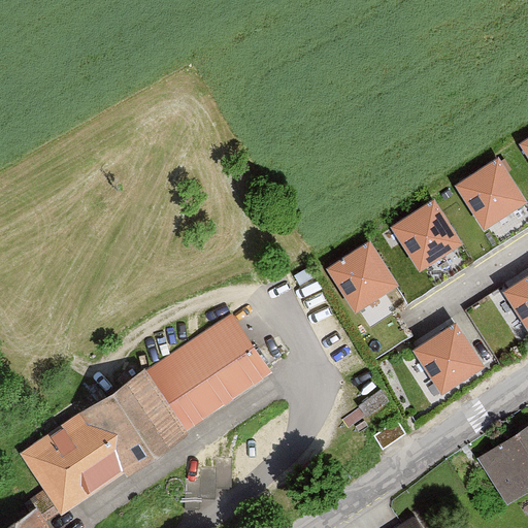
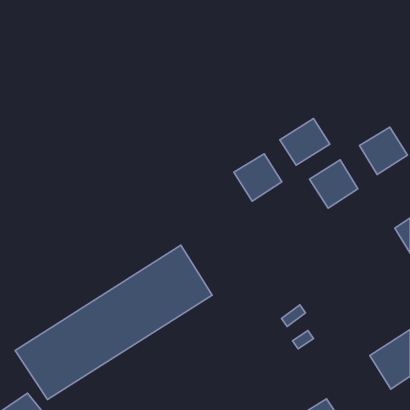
building: none -> [280,118,330,165]
building: [331,246,393,307] -> [234,154,282,201]
building: [418,328,481,390] -> none

